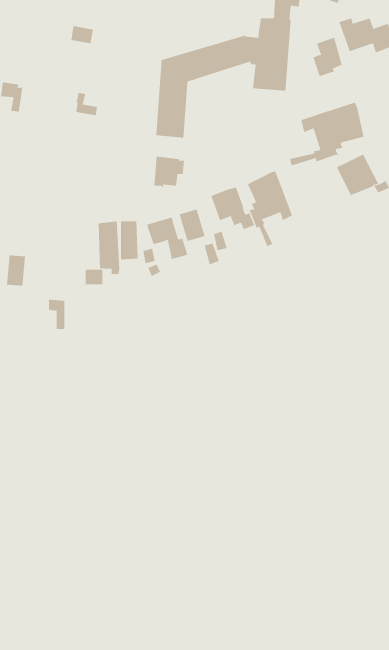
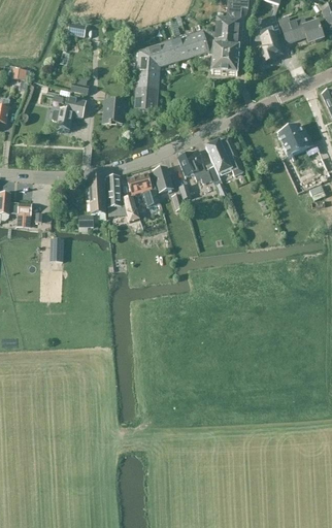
building: [289,102,364,166] -> none
building: none -> [52,96,86,129]
building: [153,156,185,188] -> [103,99,128,124]

